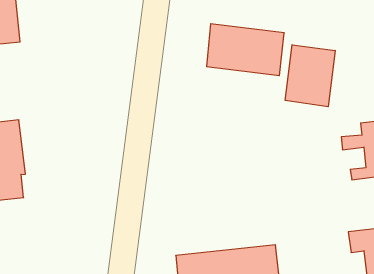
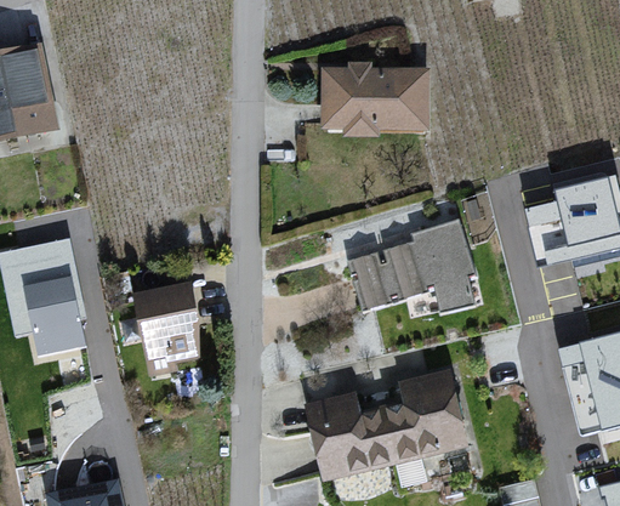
building: [285,45,335,107] -> none
building: none -> [349,217,478,313]
building: none -> [135,283,204,362]

